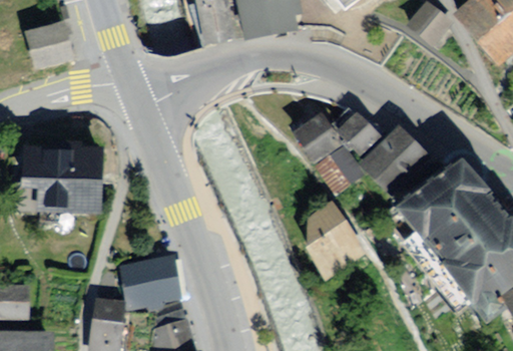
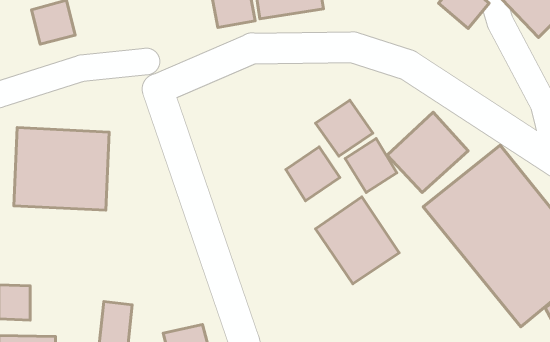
building: [335,109,378,152] -> none
building: none -> [286,147,340,201]
building: [119,252,181,309] -> none

